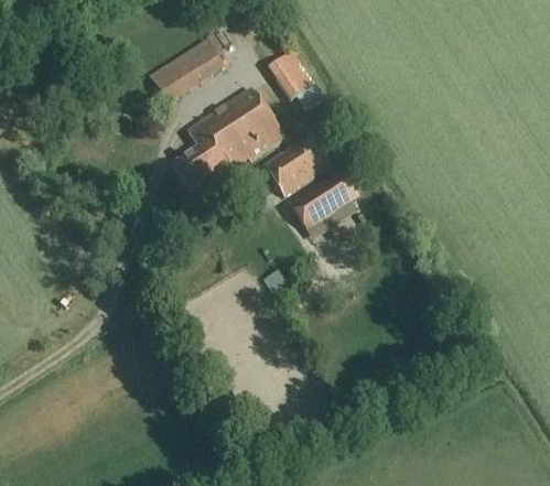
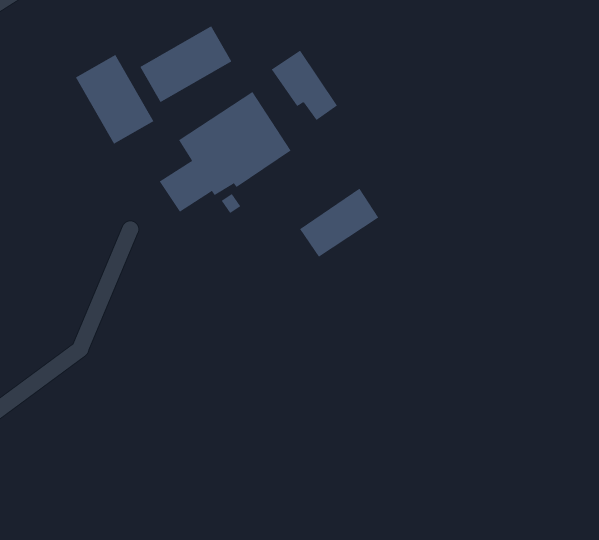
building: none -> [75,54,154,145]
building: [262,133,330,195] -> none

